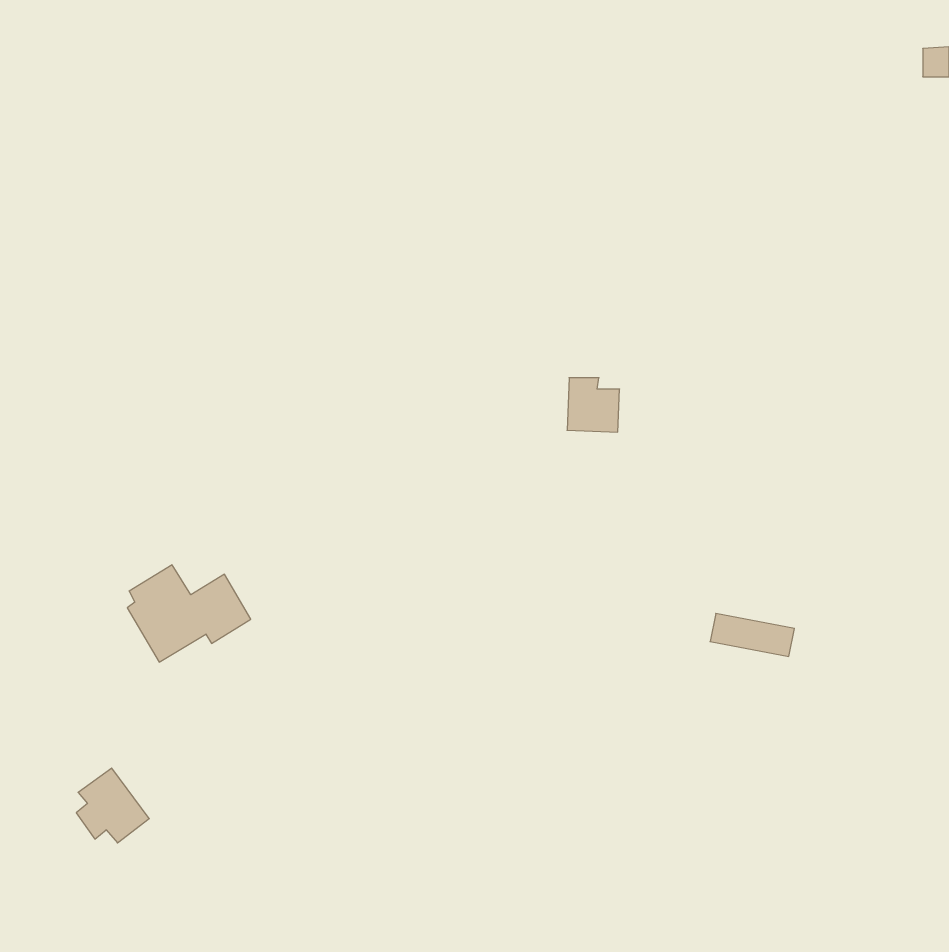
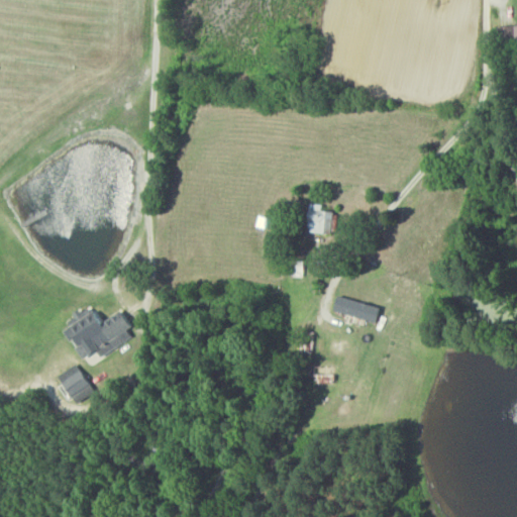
building: [710,613,794,656] -> [334,299,380,322]
building: [76,768,149,843] -> [57,365,96,405]

